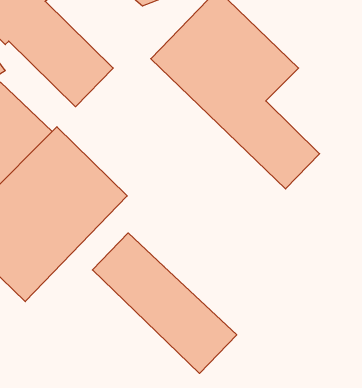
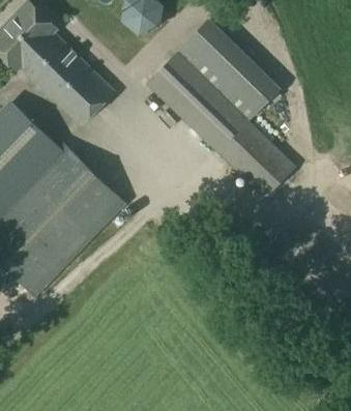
building: [92,233,237,373] -> none

